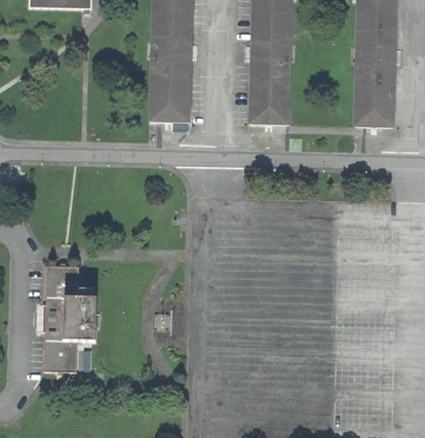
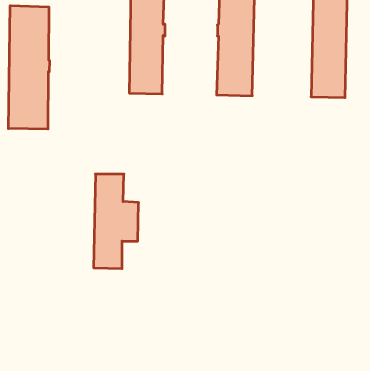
building: none -> [8,6,50,129]
building: [45,265,95,370] -> [94,174,139,269]

